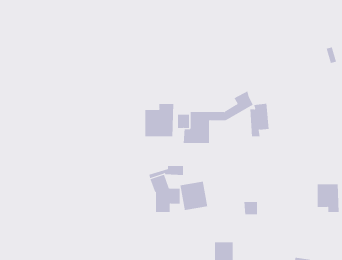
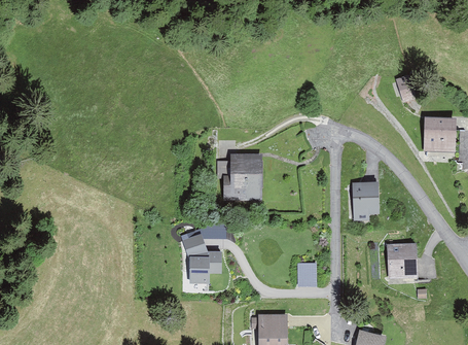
building: [249,103,270,137] -> [354,177,379,218]
building: [145,103,174,137] -> none
building: [180,181,208,211] -> none

